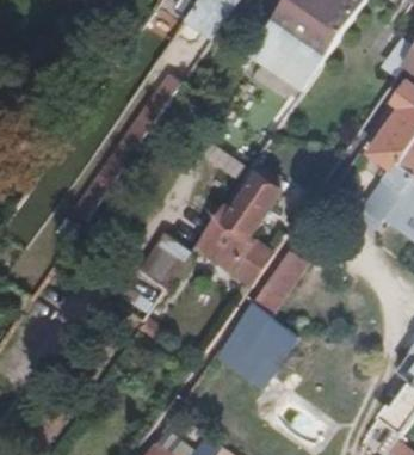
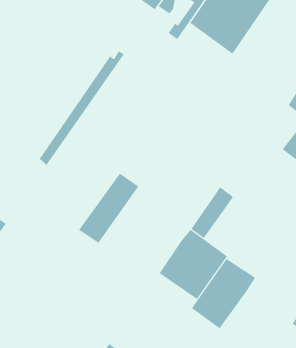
building: [199,167,285,278] -> none
building: none -> [191,258,256,329]

